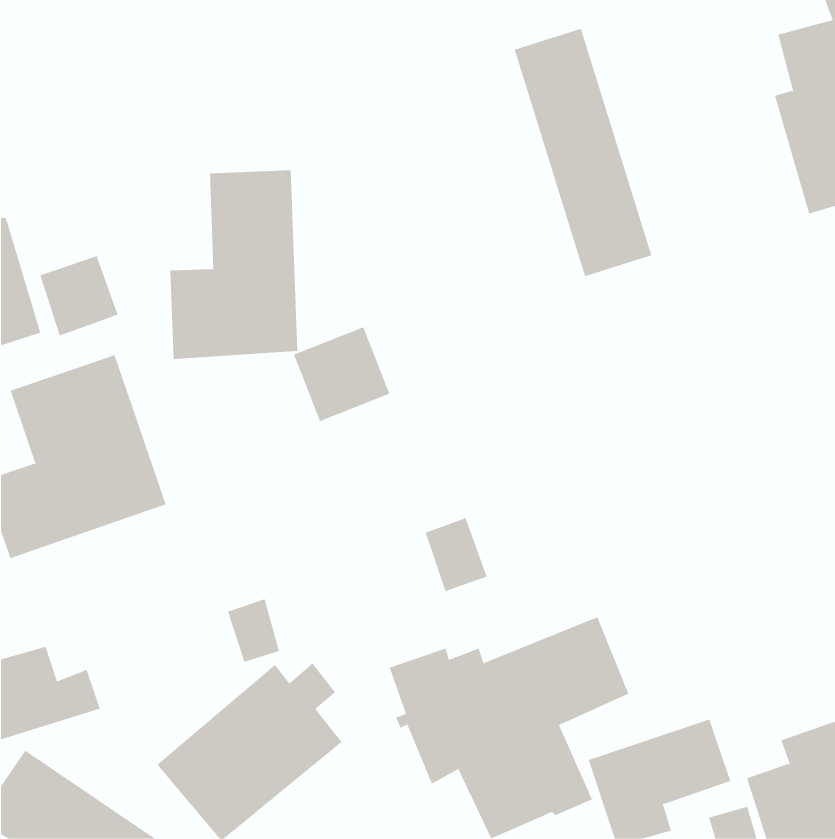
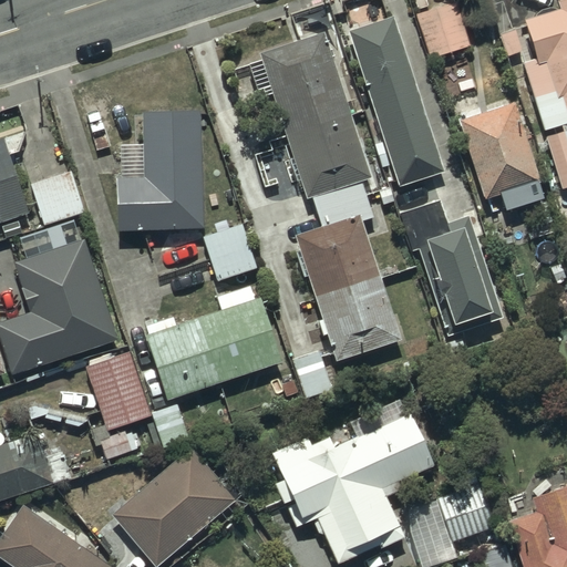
building: none -> [419,4,473,62]
building: none -> [258,34,371,203]
building: none -> [461,105,544,203]
building: none -> [404,198,508,338]
building: none -> [301,218,408,364]
building: none -> [147,284,284,399]
building: none -> [84,350,150,457]

